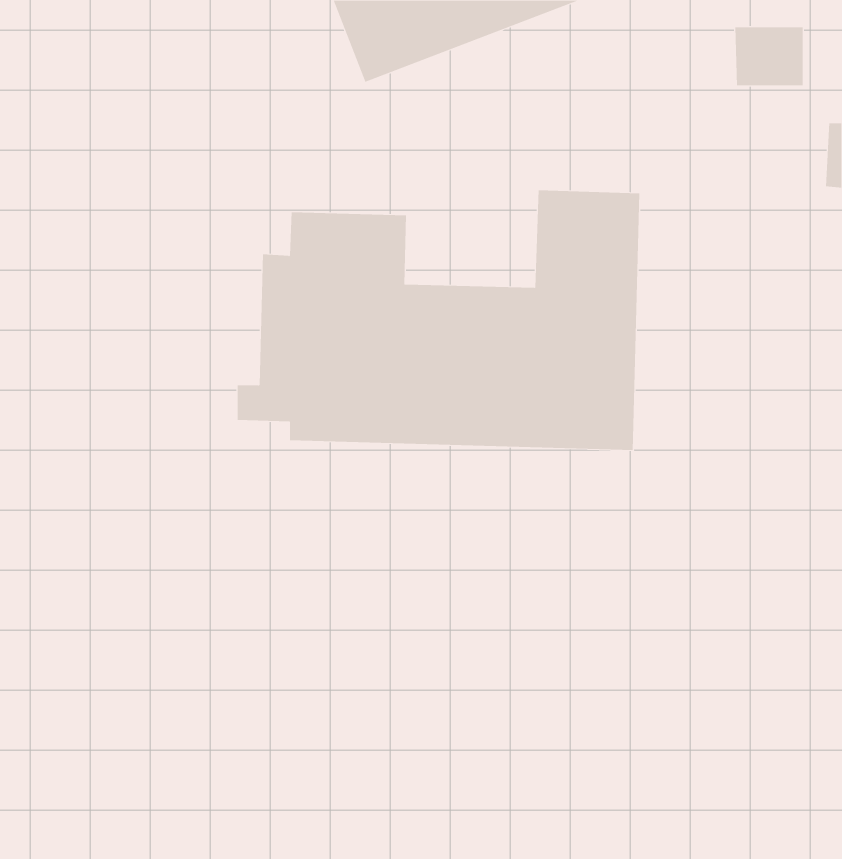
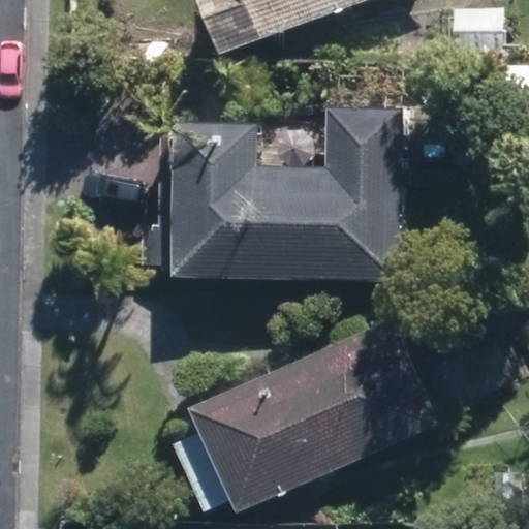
building: none -> [199,336,419,500]

